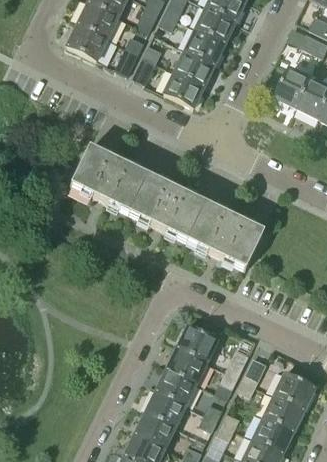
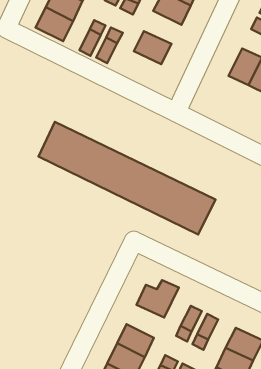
building: [185,26,226,62] -> none
building: [163,70,204,107] -> none
building: [166,347,207,383] -> none

